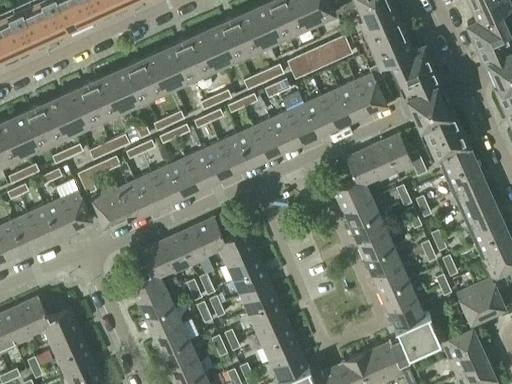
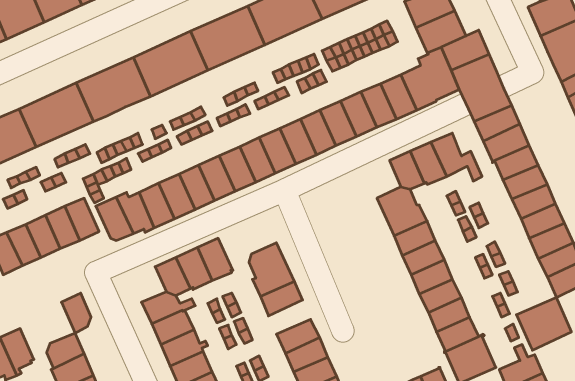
building: [195,218,224,254] -> none
building: [239,280,276,310] -> none
building: [22,297,48,332] -> [61,293,91,333]

